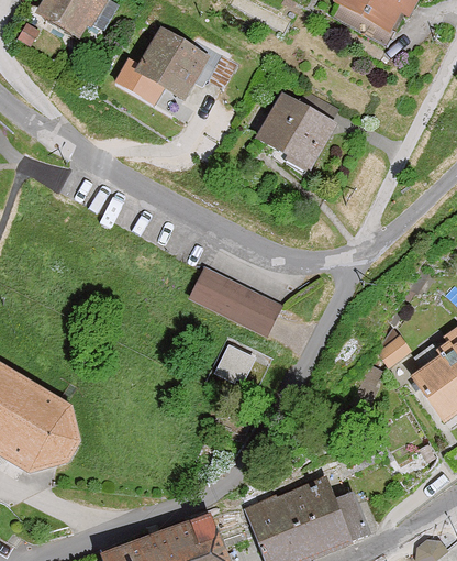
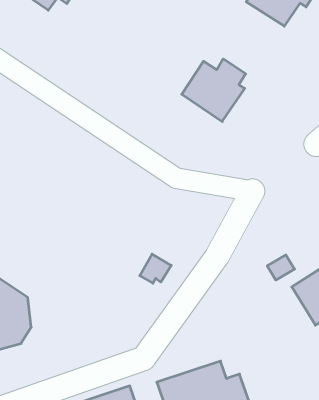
building: [115,28,209,105] -> none
building: [189,265,280,336] -> none

